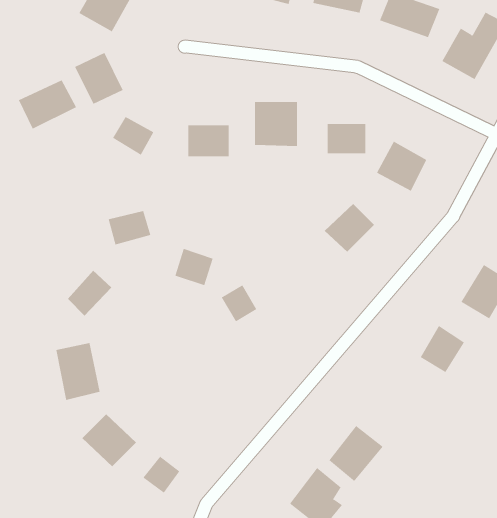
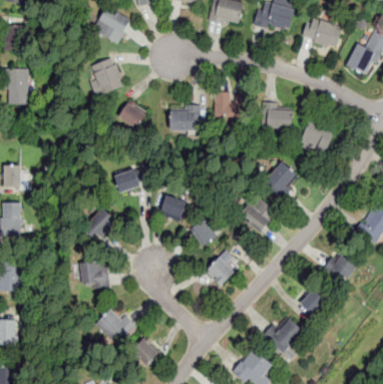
building: [18,79,77,130] -> none
building: none -> [242,197,276,231]
building: none -> [205,257,235,287]
building: none -> [299,284,329,315]

